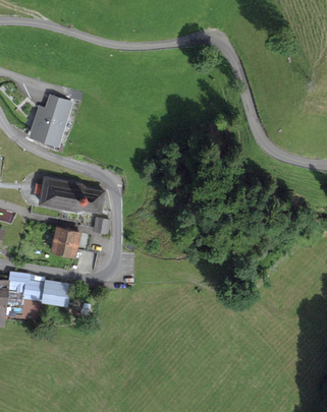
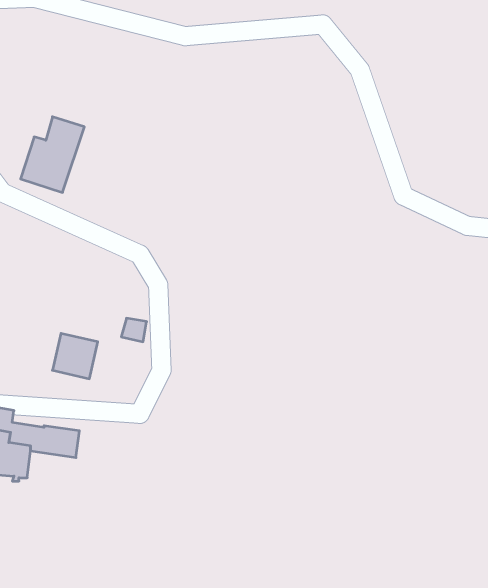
building: [39,177,104,210] -> none

